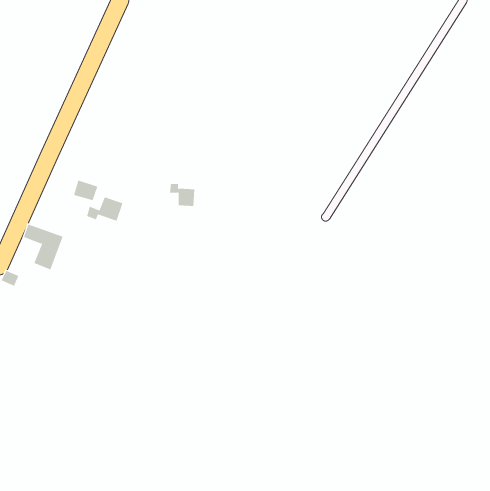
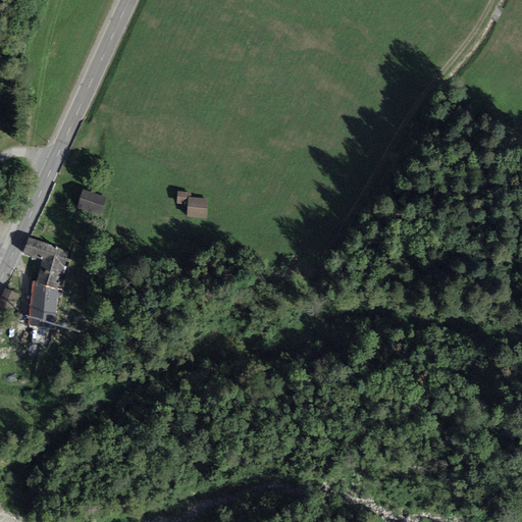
building: [87,197,123,221] -> none
building: none -> [33,279,58,325]

